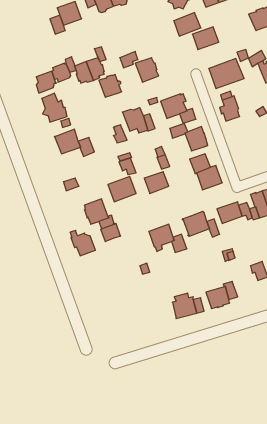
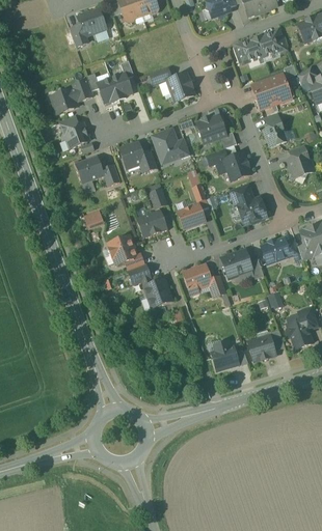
building: [174,13,201,36] -> [257,29,288,56]
building: [99,75,122,97] -> [119,142,145,168]
building: none -> [288,145,313,178]
building: [70,230,95,256] -> [143,278,172,307]
building: none -> [286,319,313,348]

